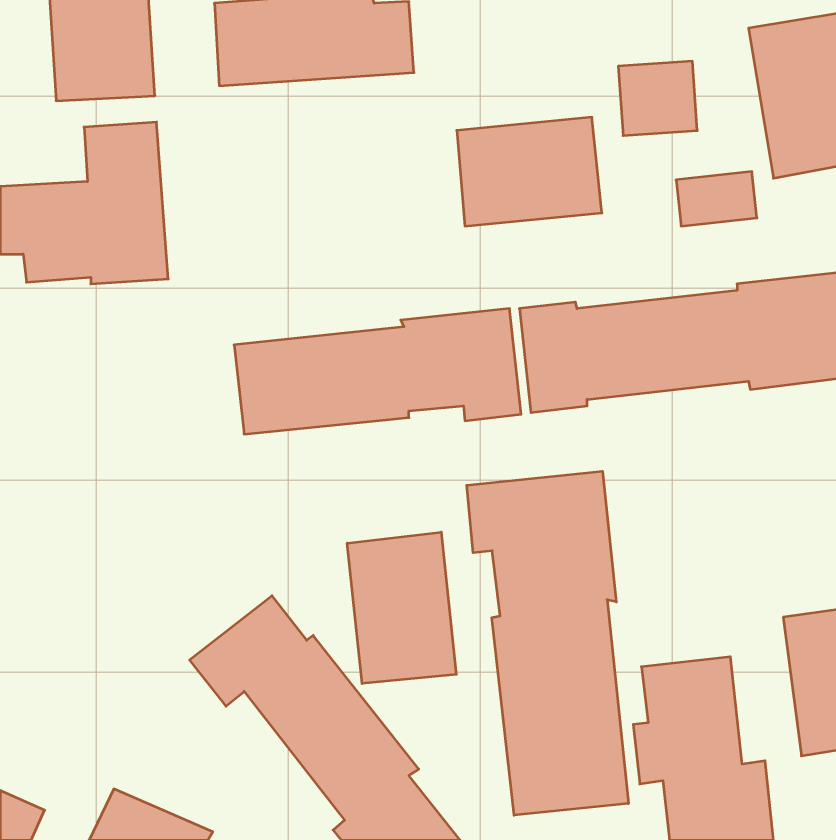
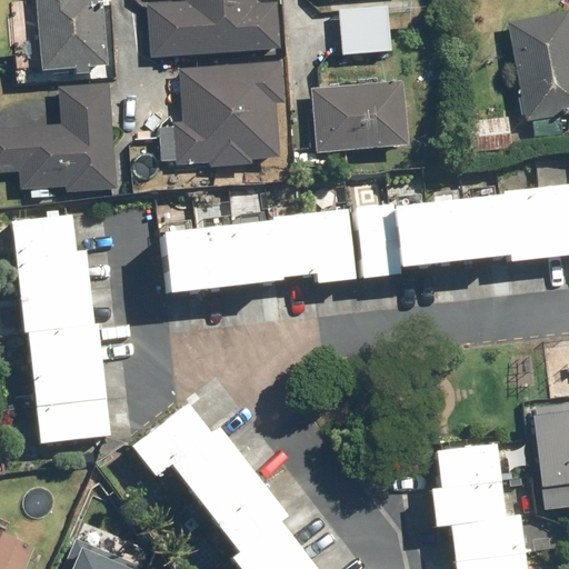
building: [618,61,697,136] -> [339,4,392,54]
building: none -> [174,59,286,166]
building: none -> [11,214,109,443]
building: [467,471,628,815] -> none
building: [347,532,456,684] -> none

